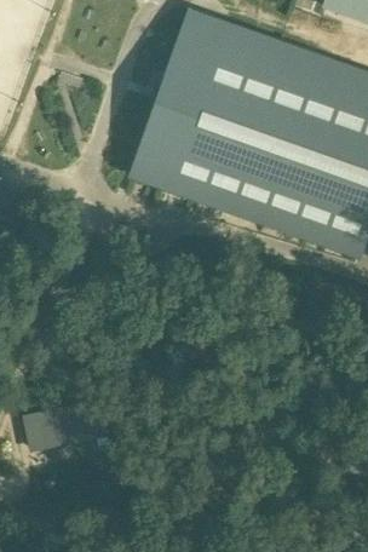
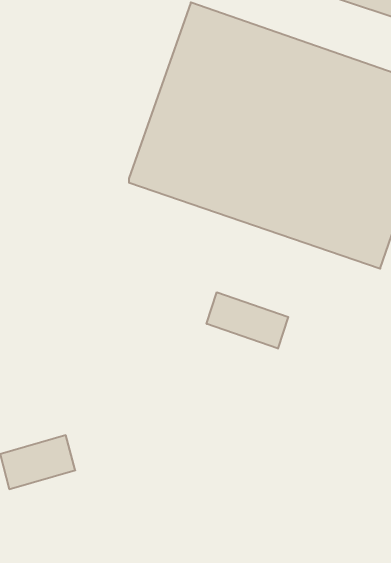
building: none -> [207,292,288,349]

